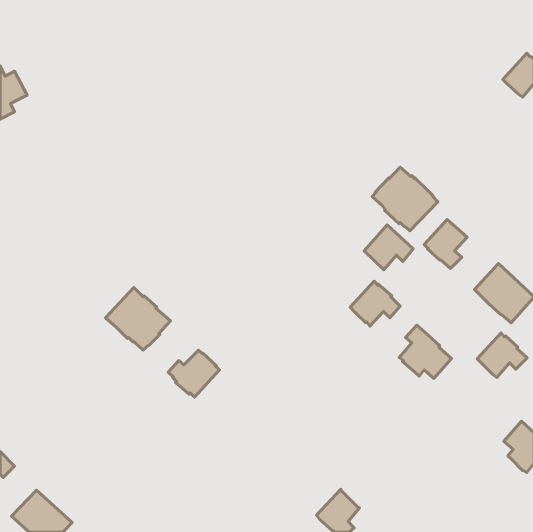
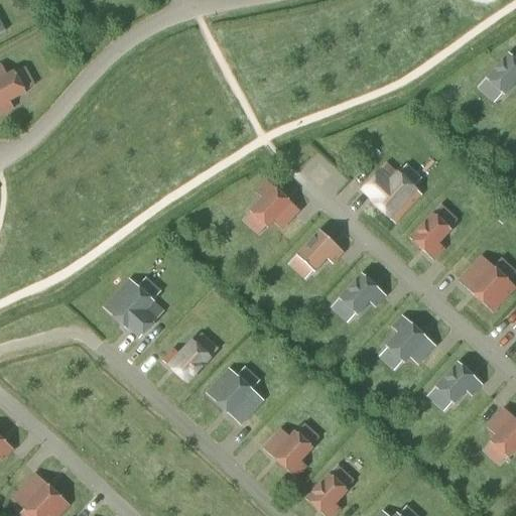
building: none -> [250,179,300,229]
building: [364,225,413,270] -> [297,228,345,271]
building: [477,333,527,378] -> [435,360,484,403]
building: none -> [207,367,265,424]
building: none -> [263,427,313,477]

